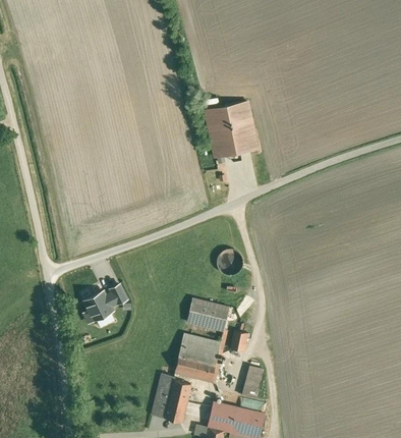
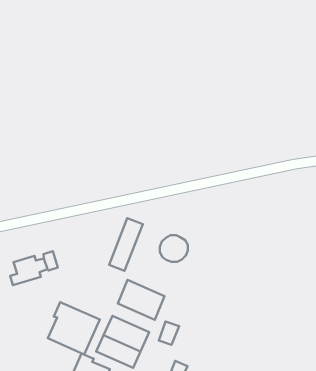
building: [206,101,256,157] -> none
building: none -> [109,218,143,271]
building: none -> [48,302,100,354]

